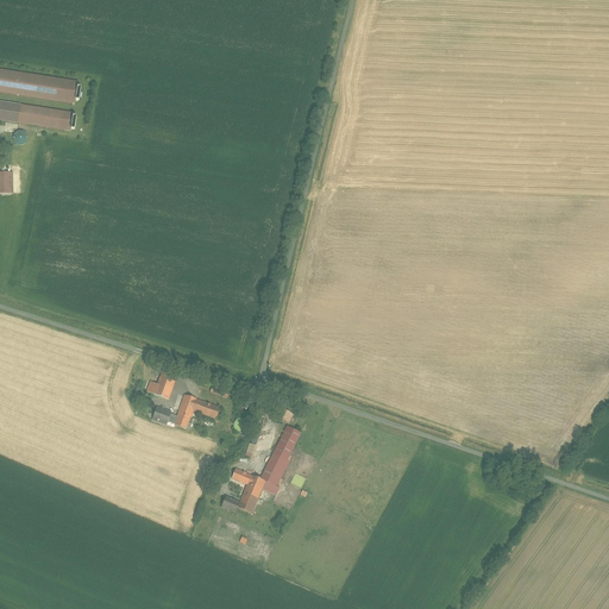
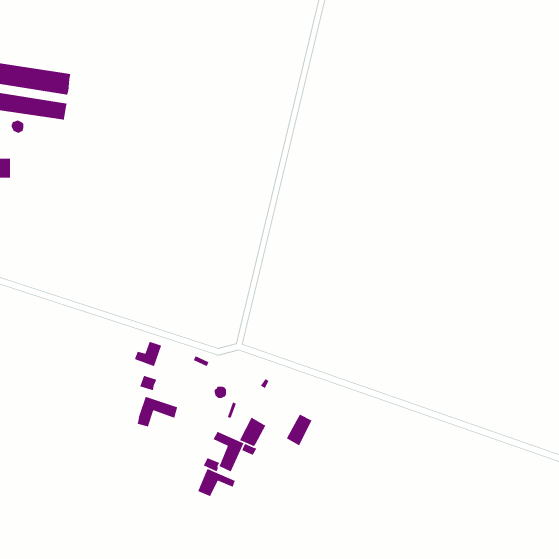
building: [174,394,219,428] -> [136,396,178,428]
building: [272,425,301,460] -> [286,414,313,446]
building: none -> [197,468,236,498]

